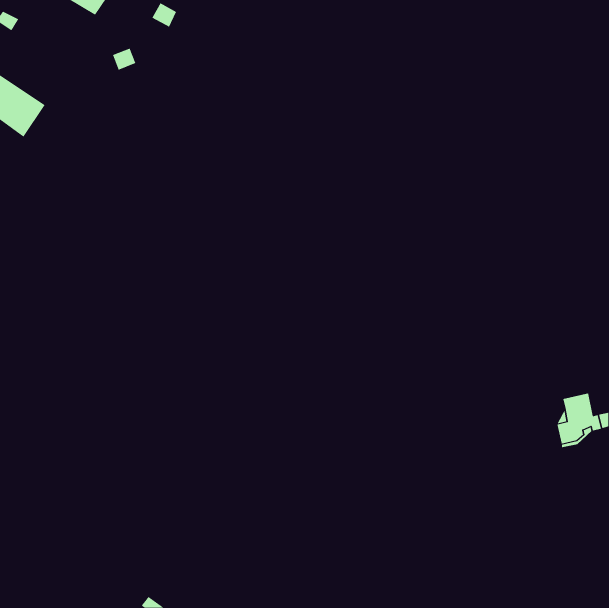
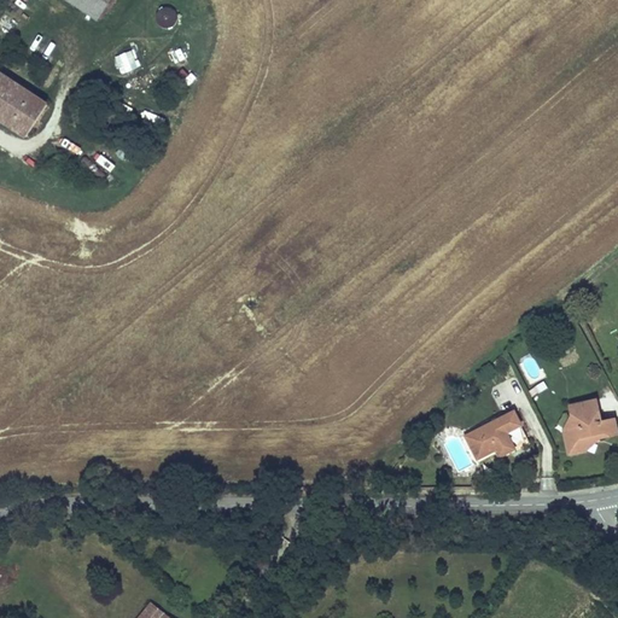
building: none -> [465,409,520,456]

